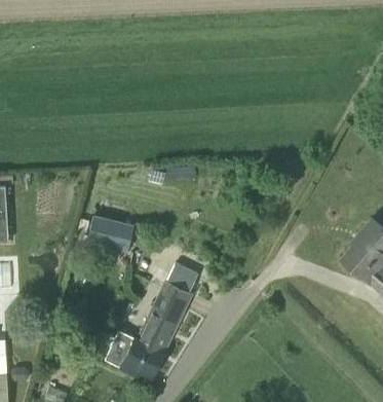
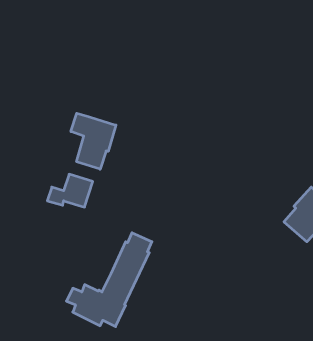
building: none -> [71,113,116,169]

